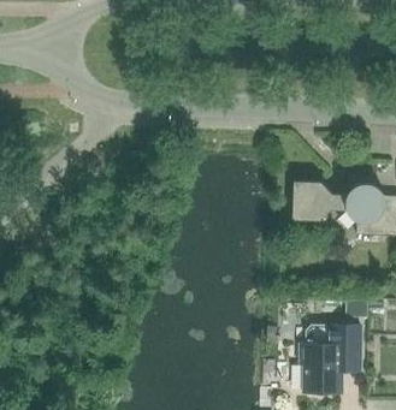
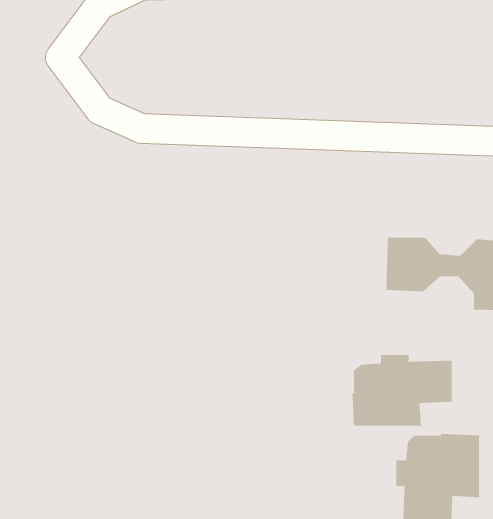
building: none -> [352,354,452,426]

